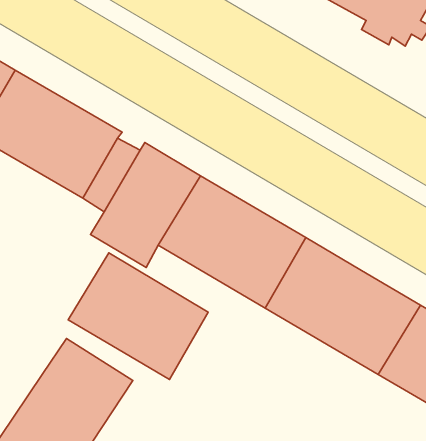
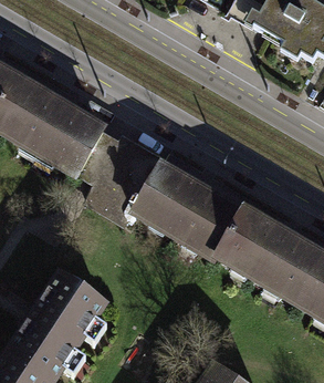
building: [68,253,208,380] -> none

